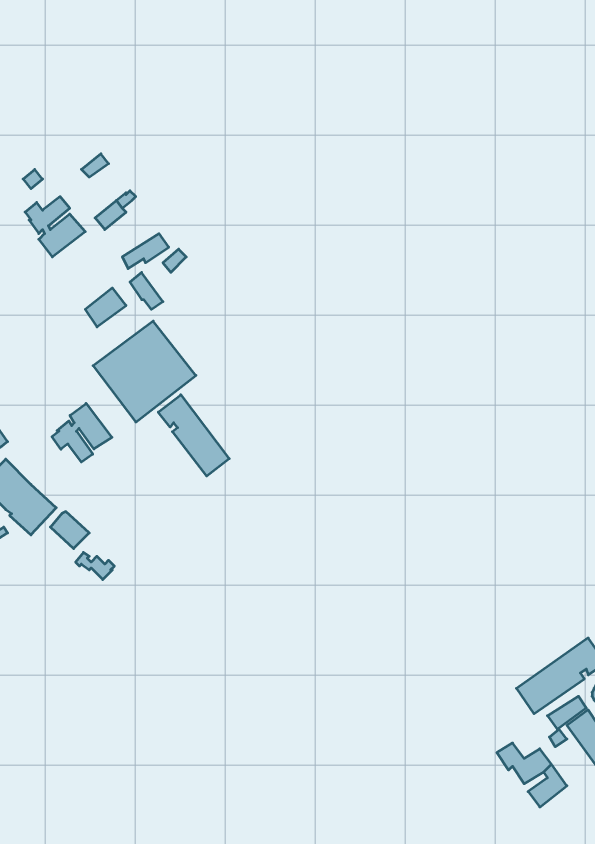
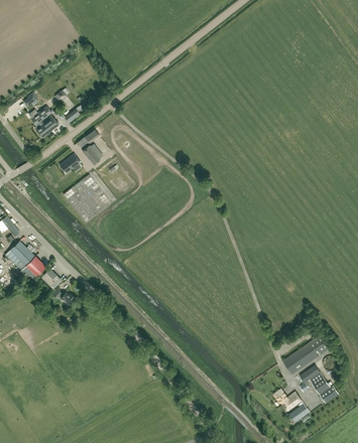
building: [158,395,229,476] -> none
building: [52,403,112,462] -> none

